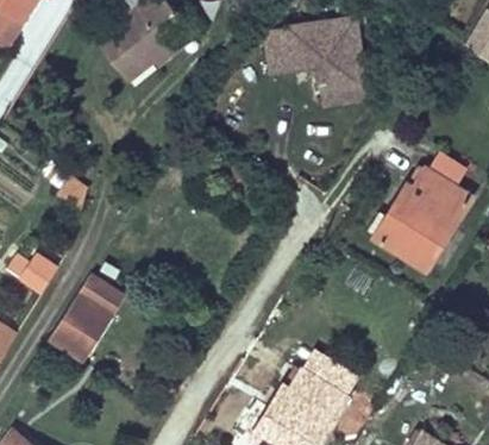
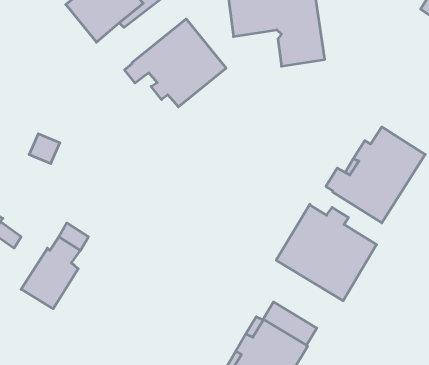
building: none -> [125,19,226,107]
building: none -> [276,204,377,301]

